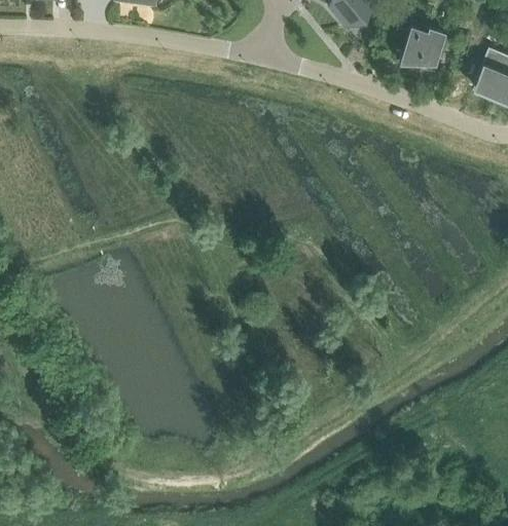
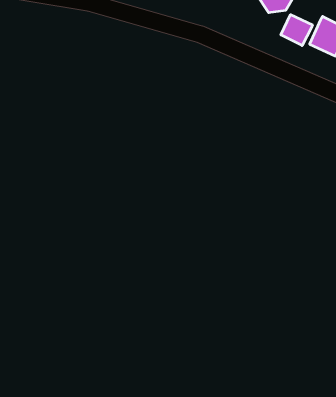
building: none -> [281,15,312,46]

